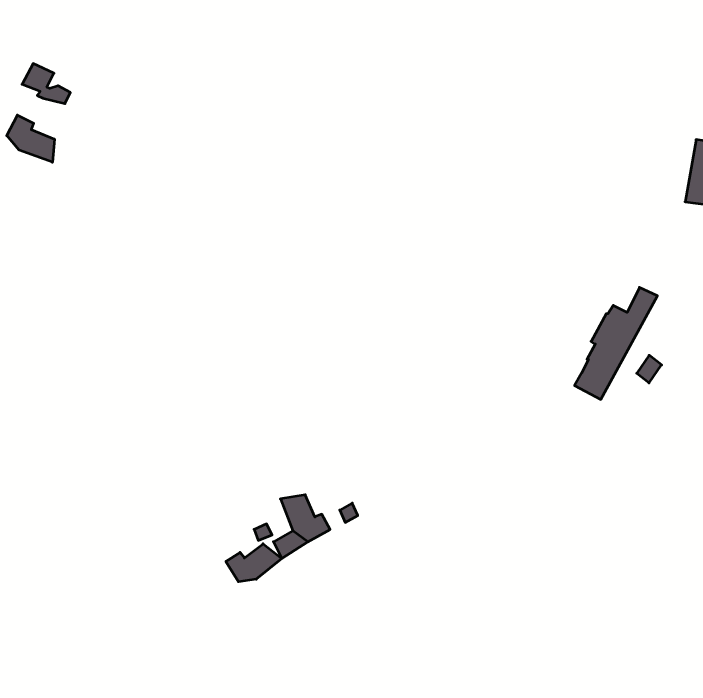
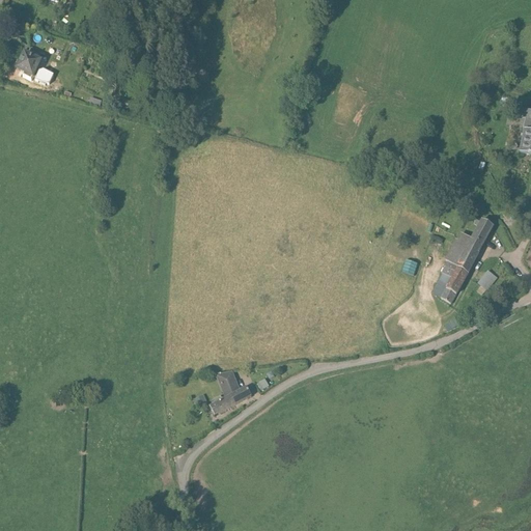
building: [7,115,54,162] -> none
building: [226,544,282,582] -> none

